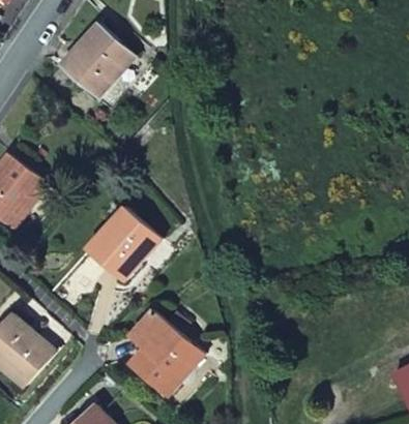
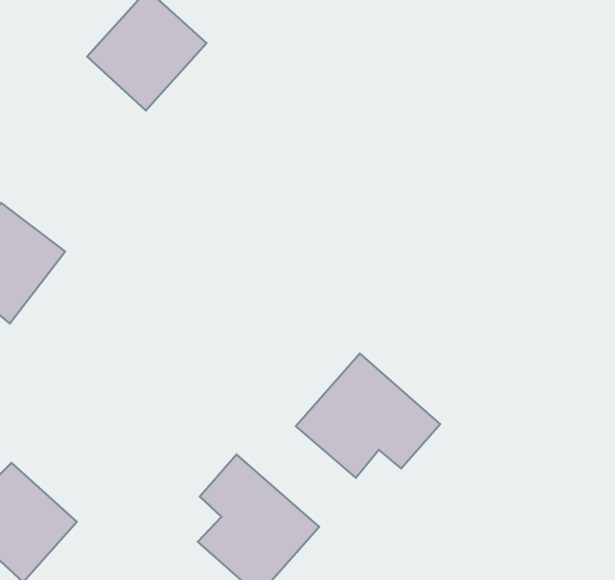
building: [87,206,162,281] -> none
building: none -> [296,354,440,478]

